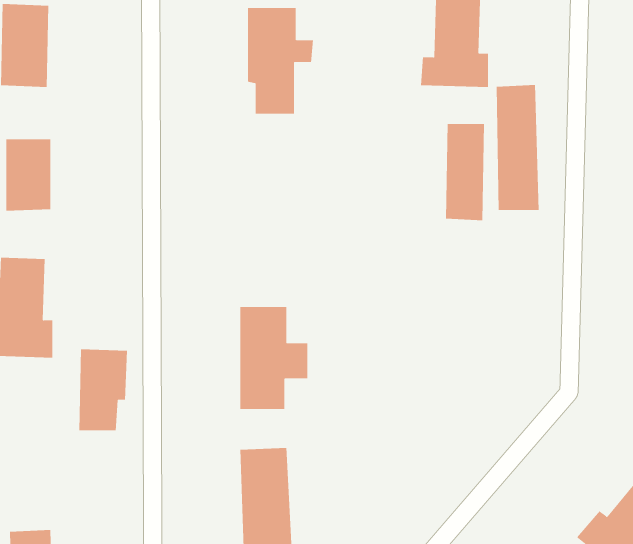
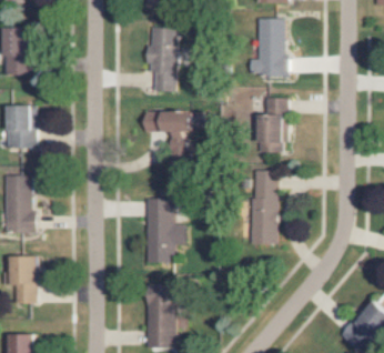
building: [496,85,540,210] -> [252,170,277,243]
building: none -> [142,110,191,149]
building: [78,349,128,431] -> [9,254,38,302]

